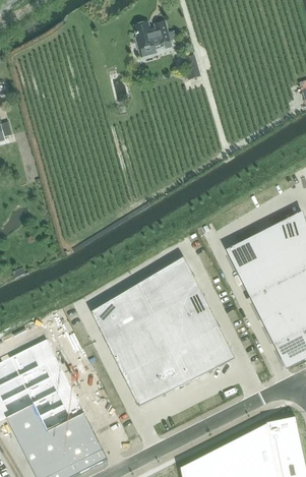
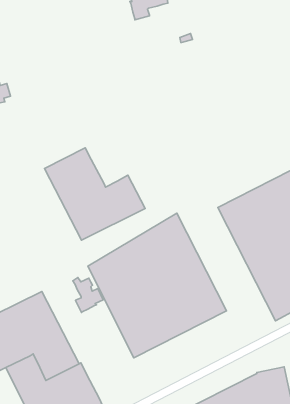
building: none -> [45,148,145,240]
building: none -> [73,278,103,312]

